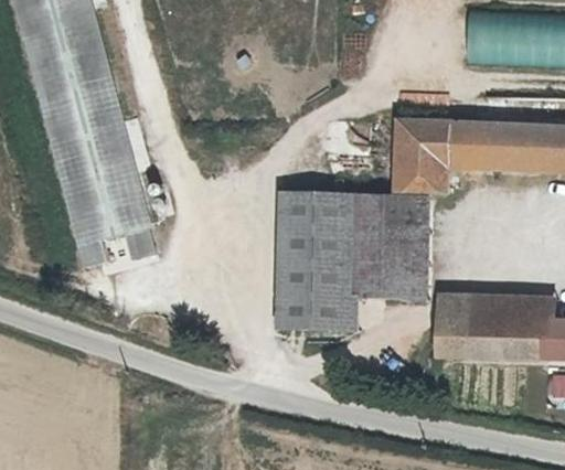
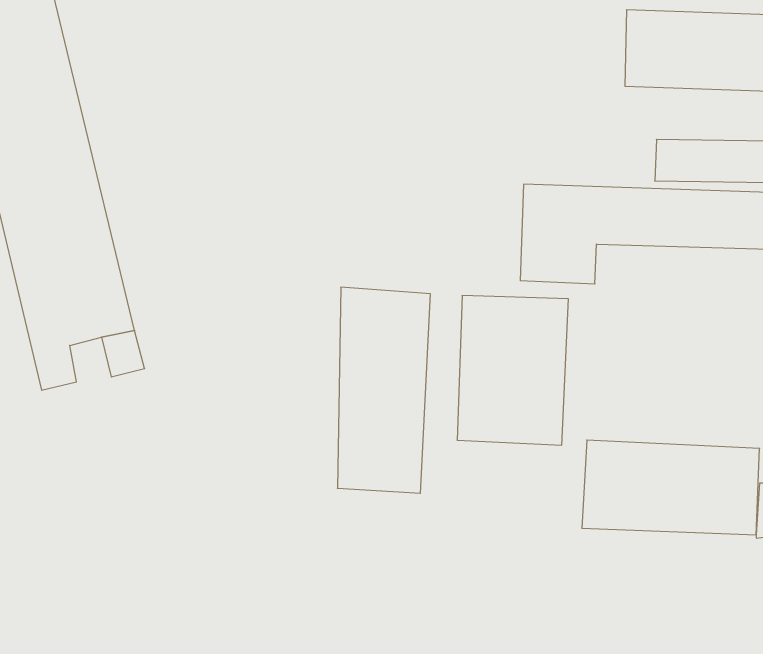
building: [332,197,360,332] -> none

